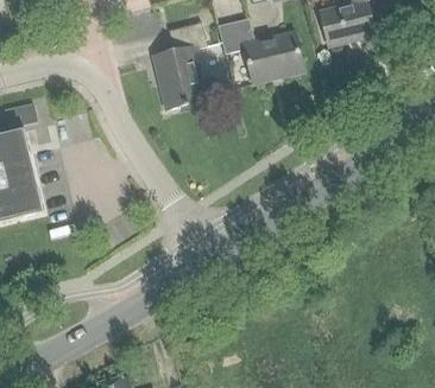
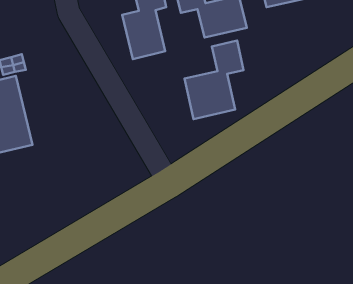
building: none -> [185,40,244,119]

